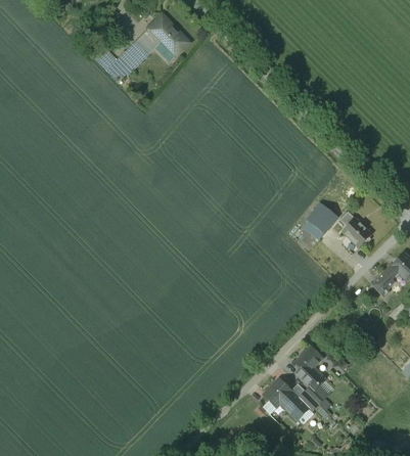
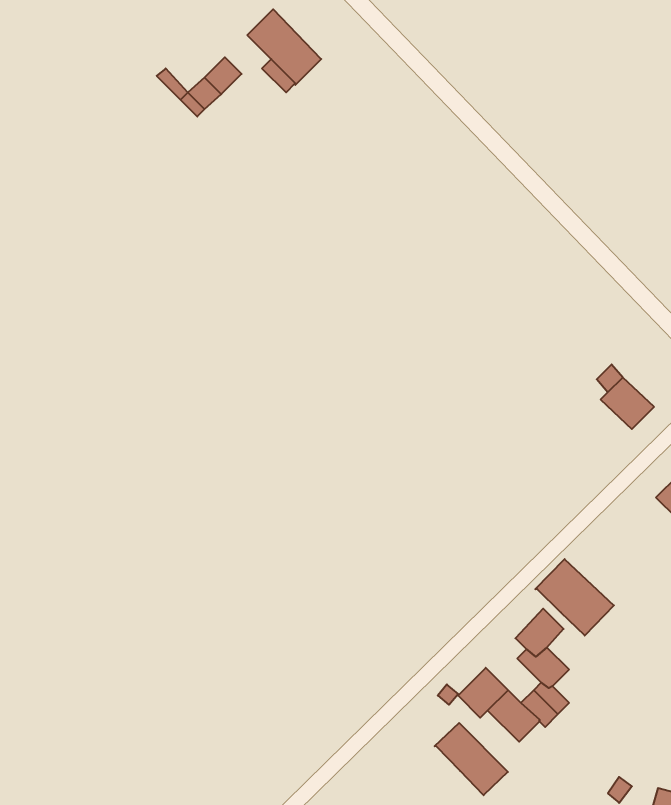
building: [307,203,336,233] -> none
building: none -> [535,559,614,636]
building: none -> [435,723,508,795]

